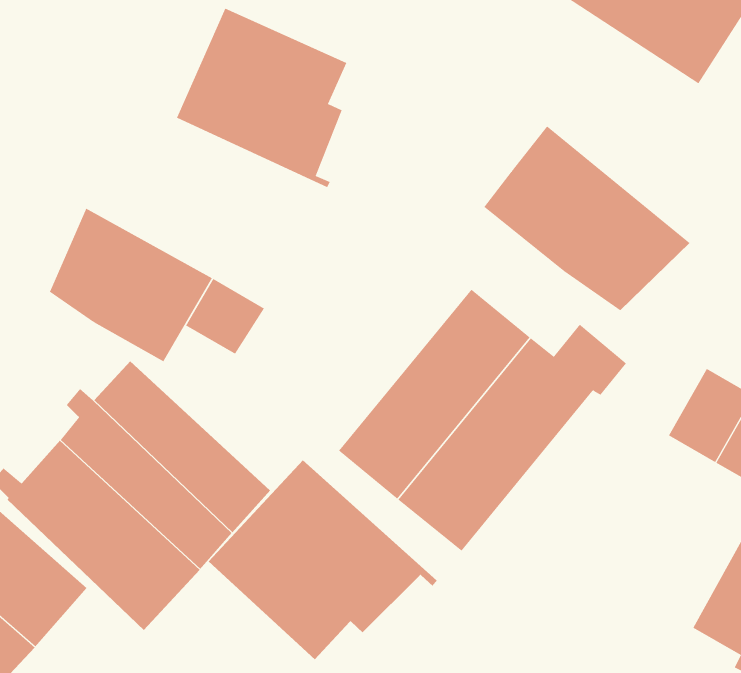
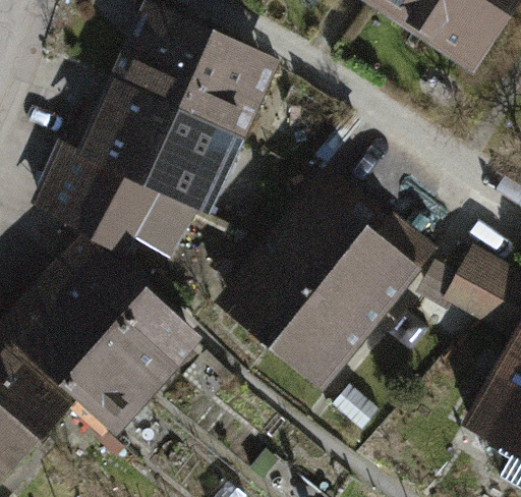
building: none -> [101,91,235,212]
building: [483,125,691,311] -> none
building: [208,459,438,660] -> none

